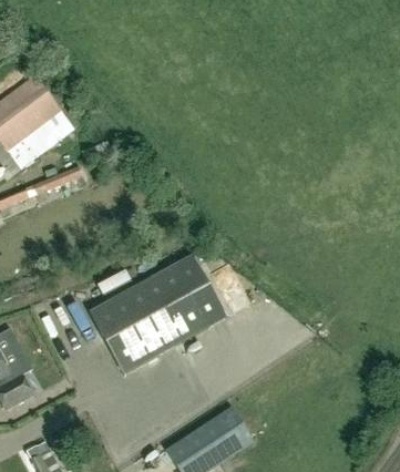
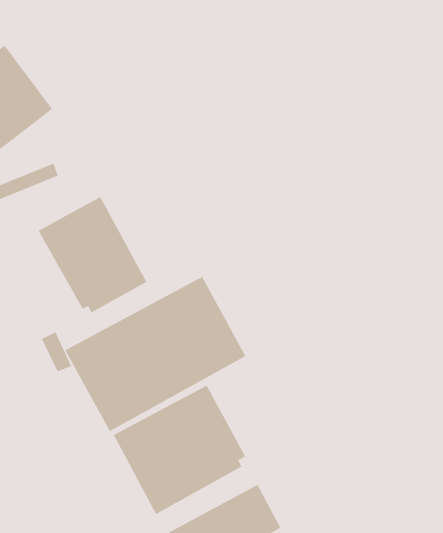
building: none -> [38,196,147,313]
building: none -> [113,385,246,515]

